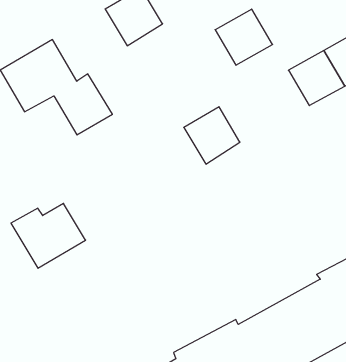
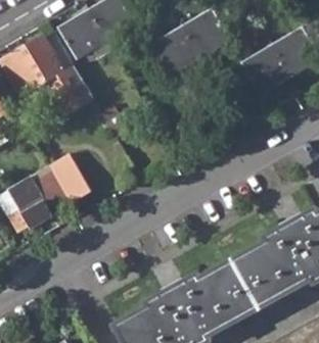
building: none -> [61,12,107,59]
building: [184,107,240,164] -> [151,30,198,78]
building: none -> [51,157,93,205]

